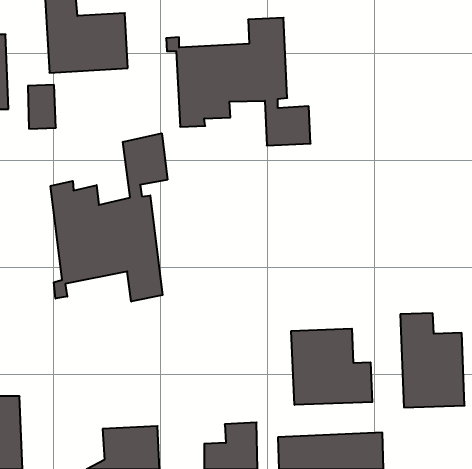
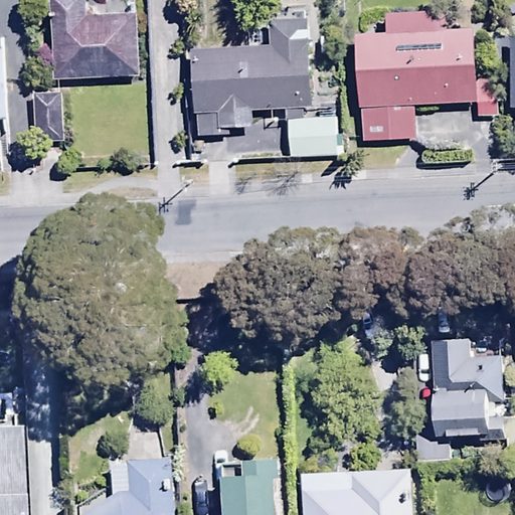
building: none -> [355,10,505,141]
building: [51,133,167,302] -> none
building: [291,329,372,405] -> none

